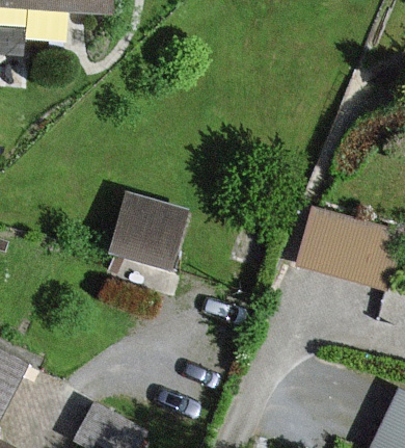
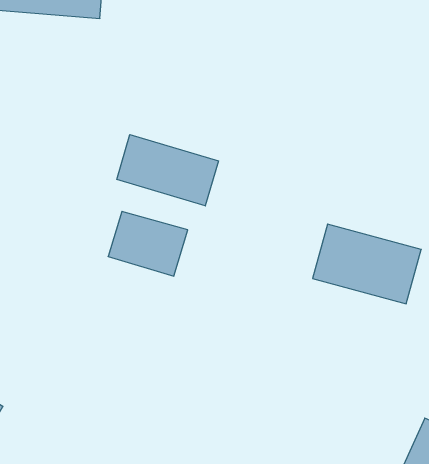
building: none -> [117,135,218,206]

